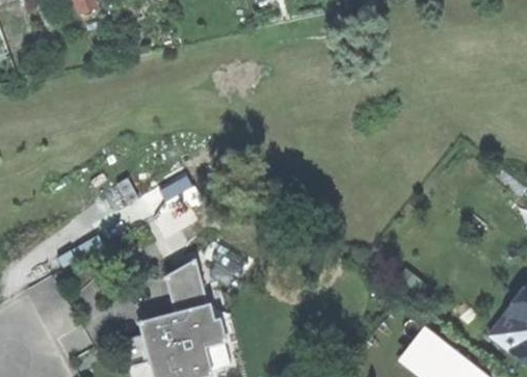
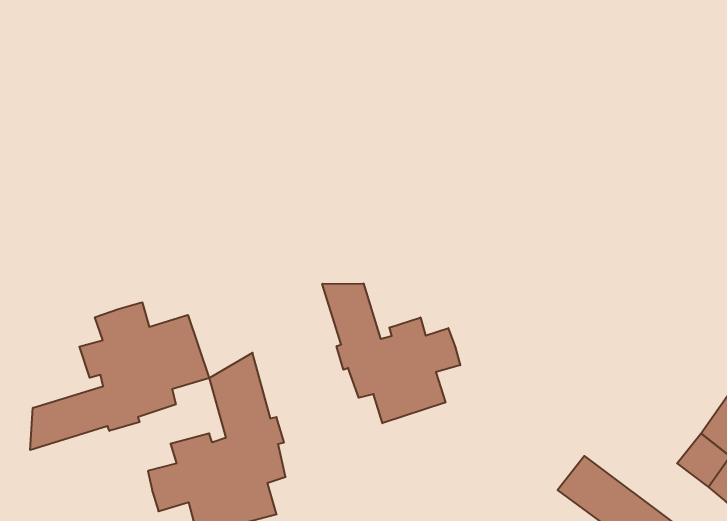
building: none -> [322,283,460,423]
building: none -> [30,302,209,450]

